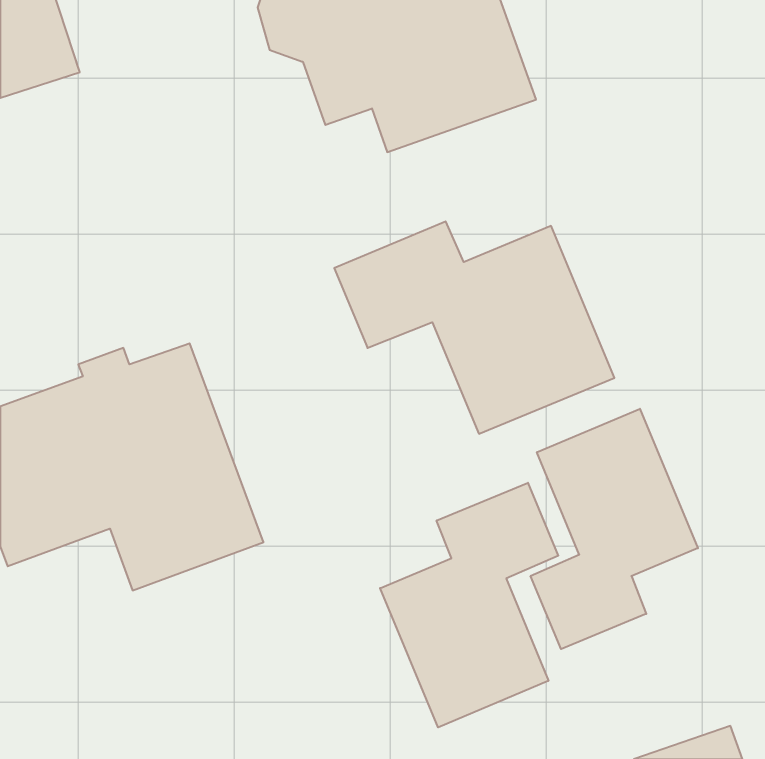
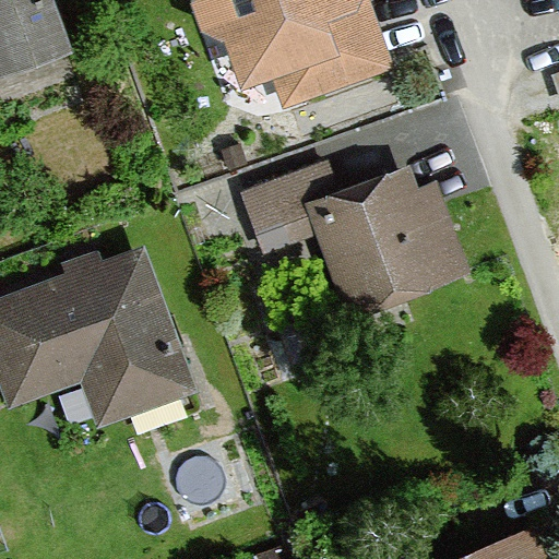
building: [531,409,698,649] -> none
building: [380,483,558,727] -> none

